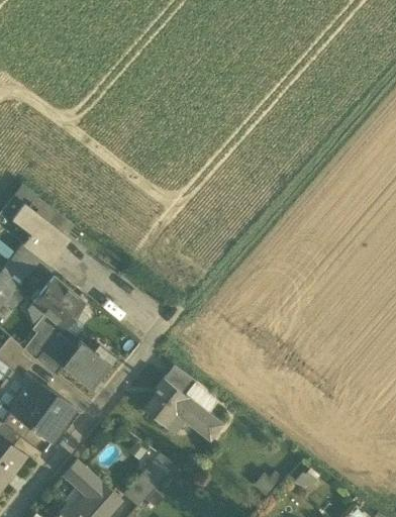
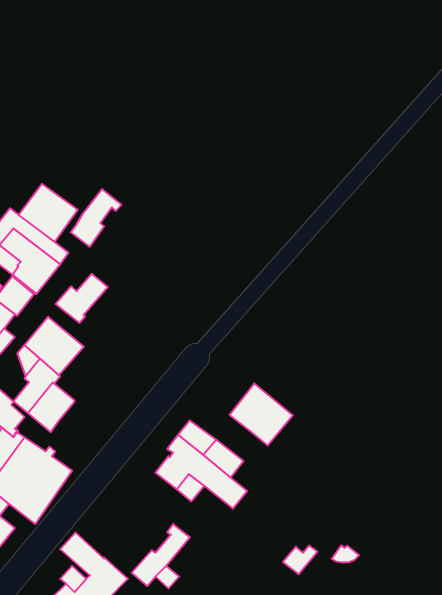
building: none -> [19,184,78,242]
building: none -> [71,189,122,247]
building: none -> [56,274,108,323]
building: none -> [230,383,293,445]
building: [63,341,115,389] -> none

